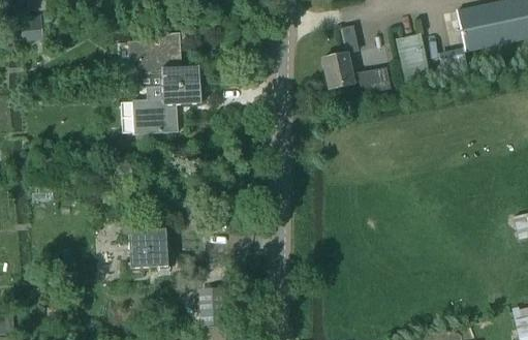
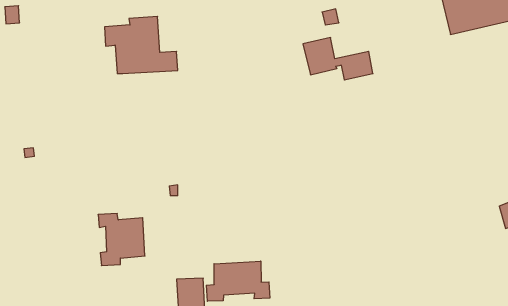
building: [397,33,427,86] -> none
building: [132,85,200,133] -> none
building: none -> [206,261,270,301]

